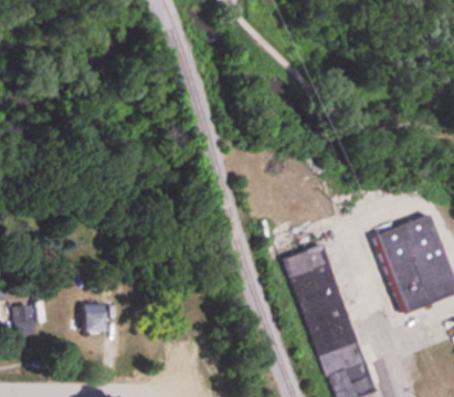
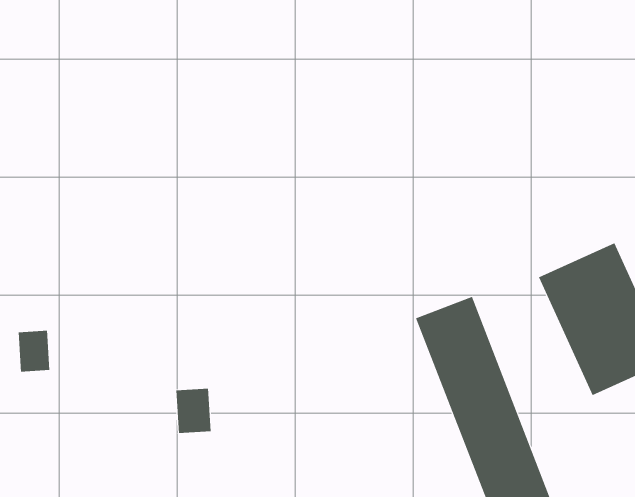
building: [83,303,105,332] -> [175,388,211,434]
building: [15,305,35,332] -> [18,330,50,372]

